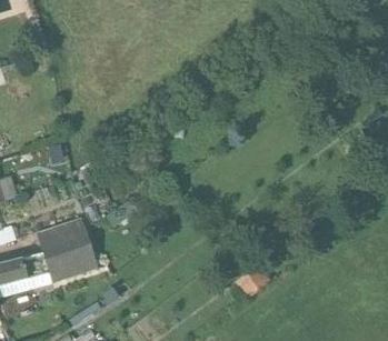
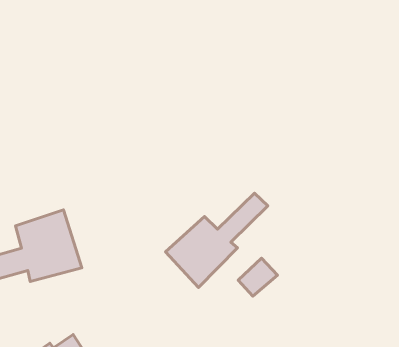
building: none -> [166,193,268,287]

